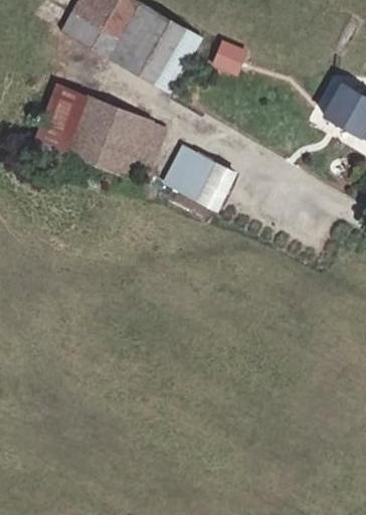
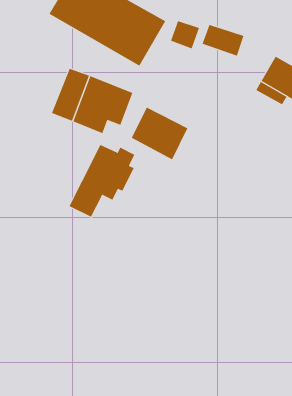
building: none -> [202,24,244,56]
building: [28,83,87,164] -> none
building: none -> [69,144,135,218]

